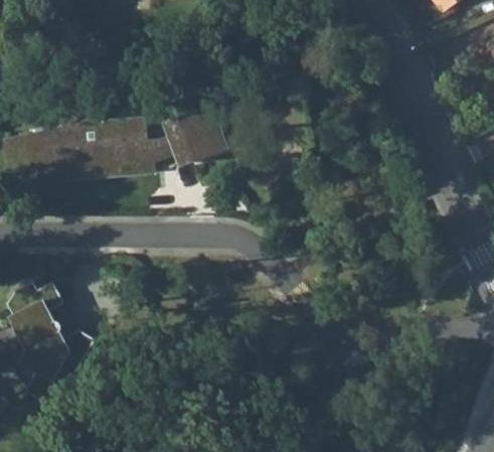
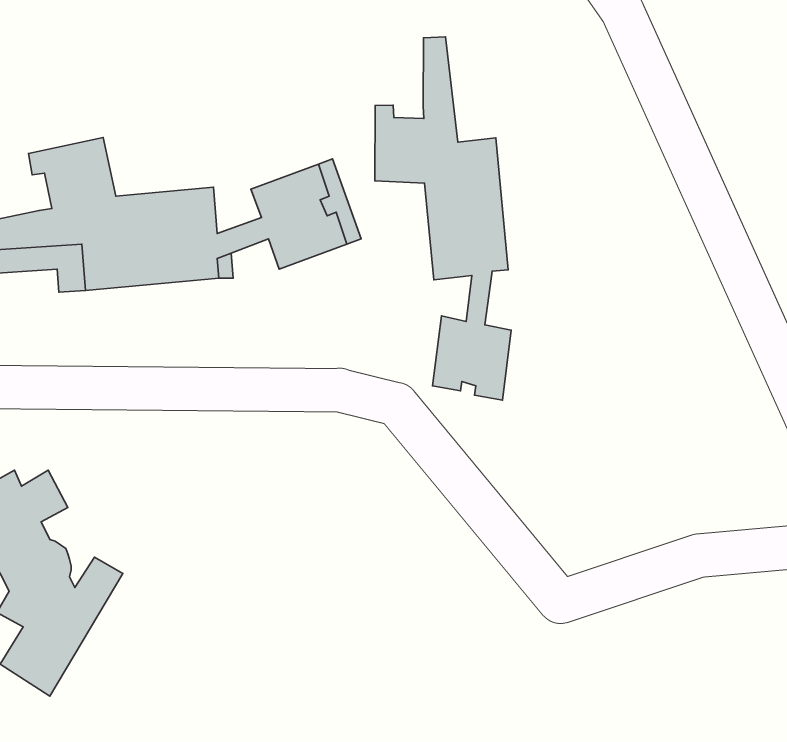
building: none -> [375,37,511,400]

